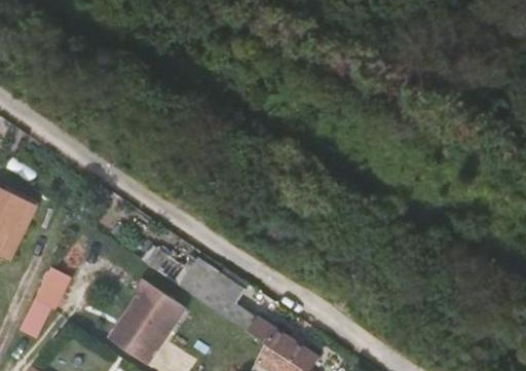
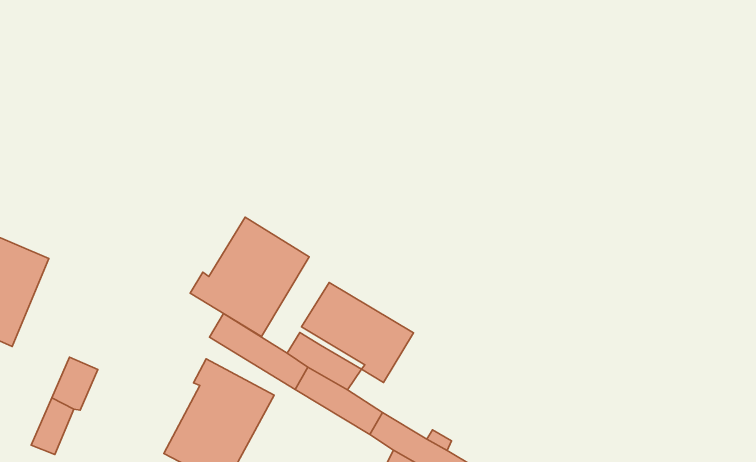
building: none -> [190,217,309,337]
building: none -> [302,282,413,382]

